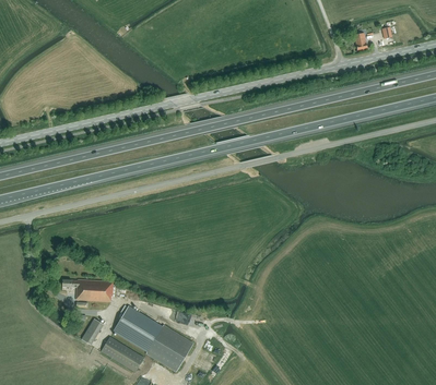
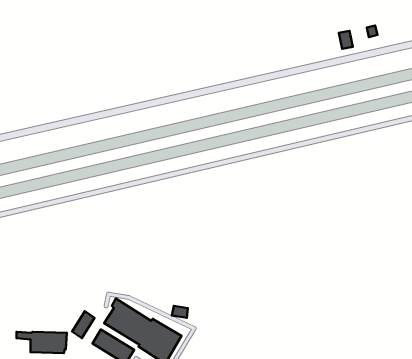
building: [62,279,114,301] -> [17,332,67,353]

